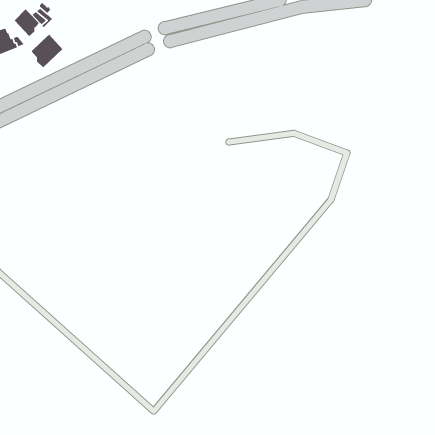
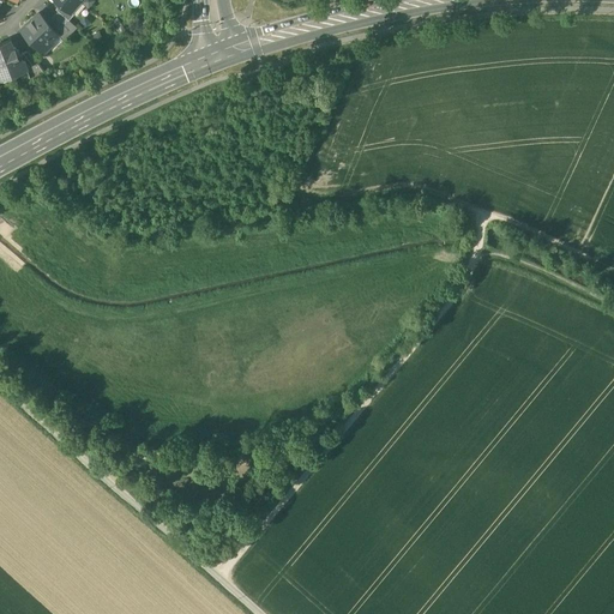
building: [30,34,63,68] -> none

